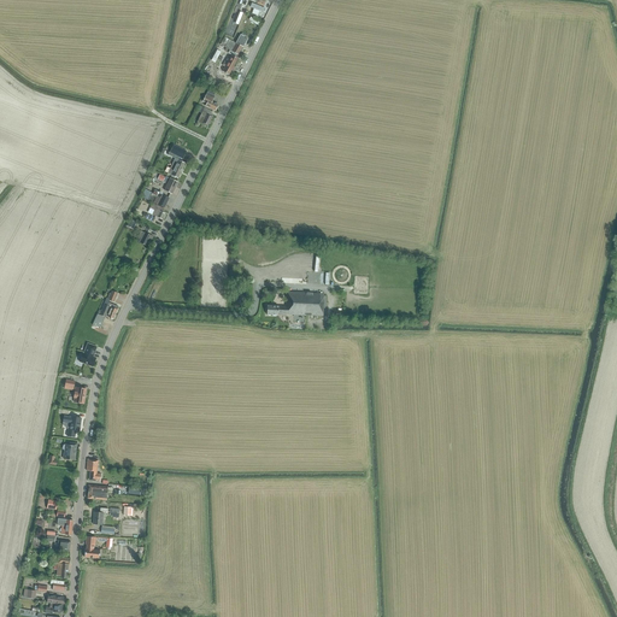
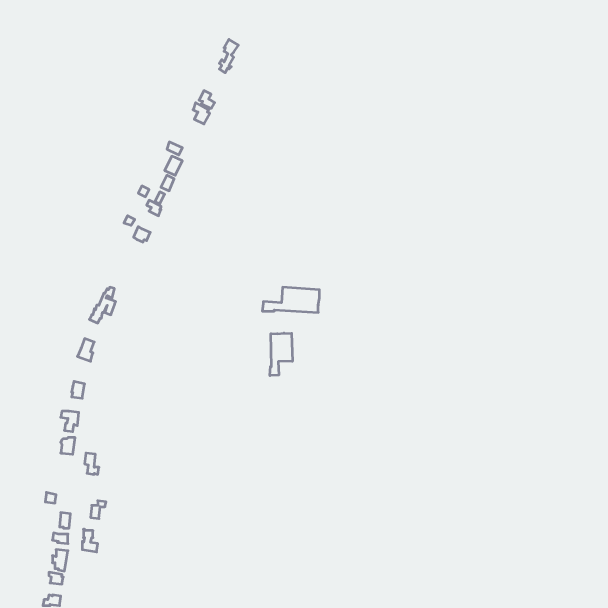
building: none -> [270,333,292,376]

